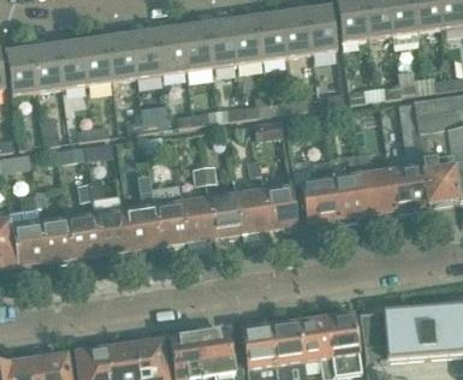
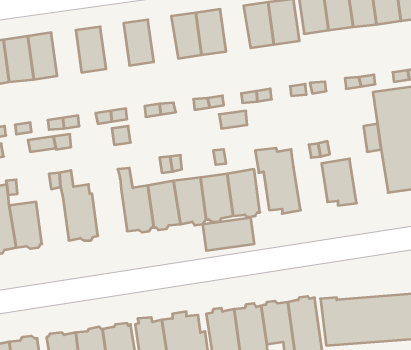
building: [256,11,287,58] -> none
building: [182,22,213,69] -> none
building: [132,29,162,76] -> none
building: [82,36,113,83] -> none
building: [390,165,425,214] -> none
building: [332,173,367,221] -> none
building: [124,200,160,250] -> none
building: [66,208,100,259] -> none
building: none -> [203,217,254,251]

